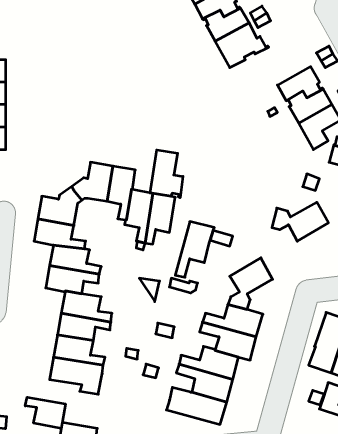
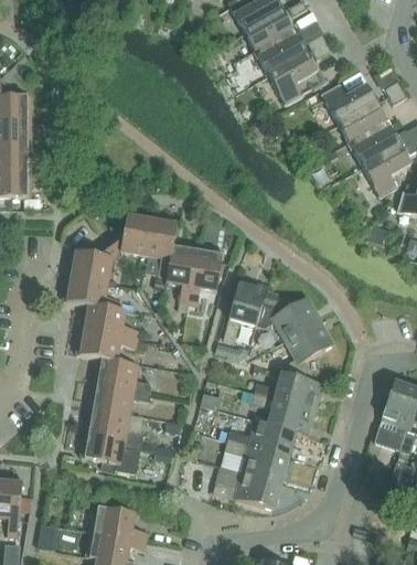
building: none -> [322,84,376,124]
building: [150,150,183,198] -> none
building: [272,202,328,241] -> [256,296,320,340]
building: [25,397,65,428] -> none

